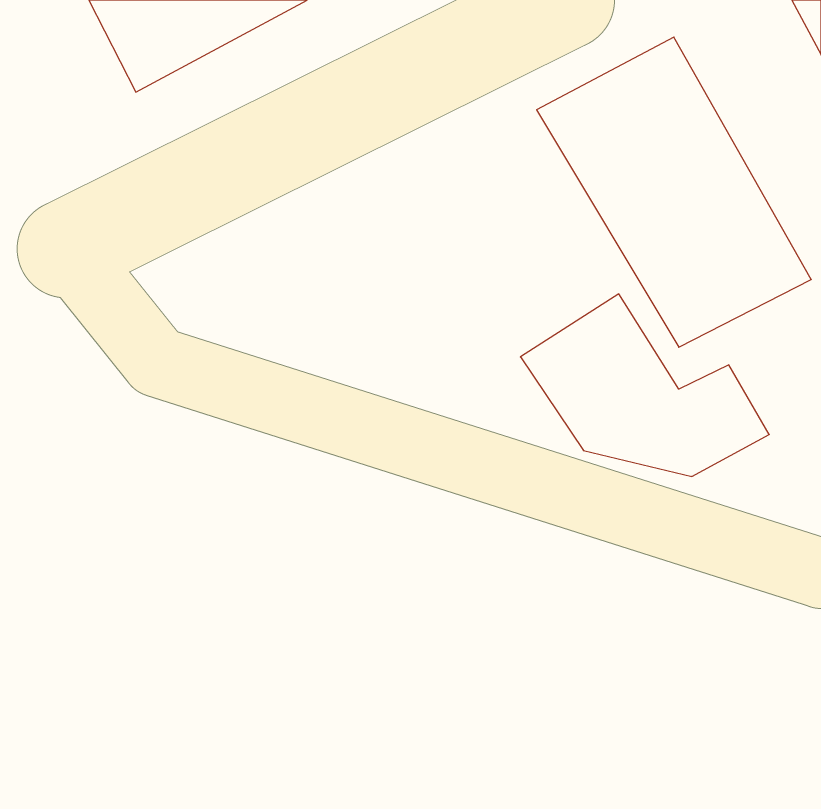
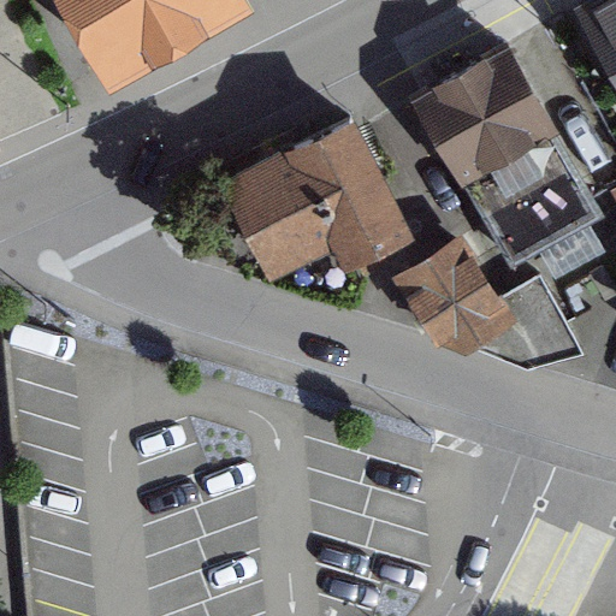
building: none -> [243,119,419,272]

